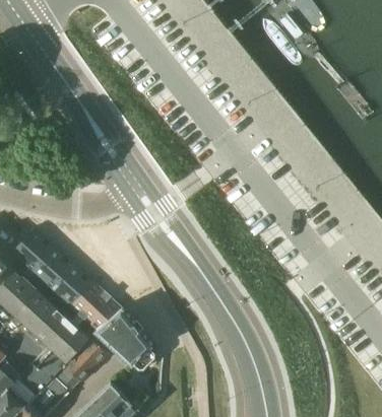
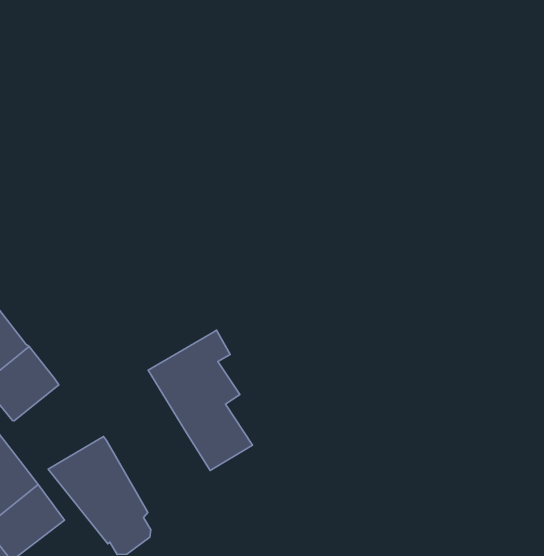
building: none -> [148,330,252,471]
building: [69,283,120,331] -> none

